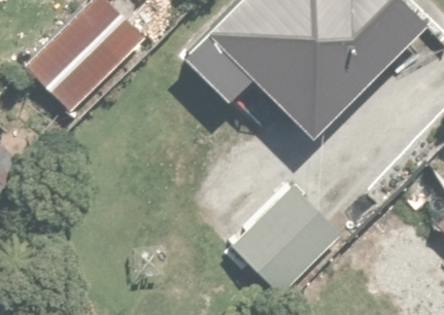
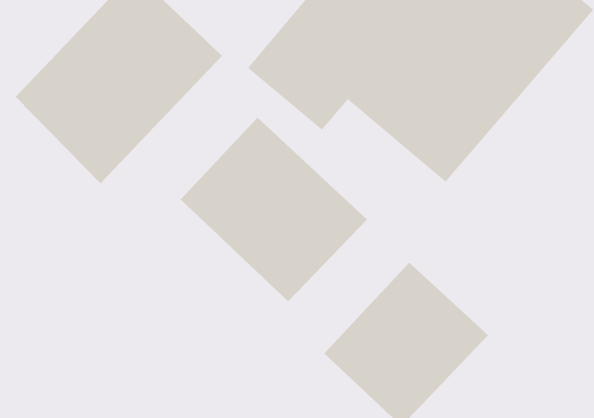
building: none -> [180,117,368,302]

